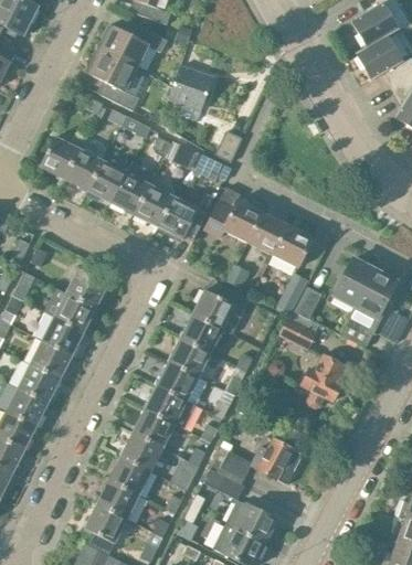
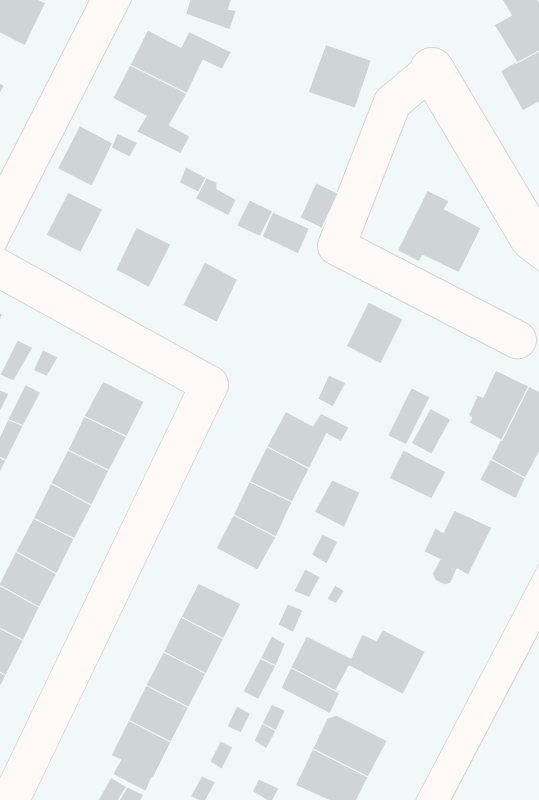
building: [169,66,213,110] -> [308,44,372,108]
building: [64,149,103,191] -> [57,126,113,186]
building: [112,160,157,215] -> none
building: [205,186,264,244] -> [397,190,481,273]
building: [159,198,209,241] -> none
building: [273,225,314,268] -> none
building: [146,384,198,428] -> none

